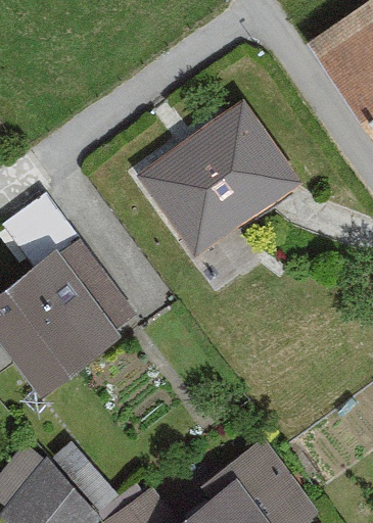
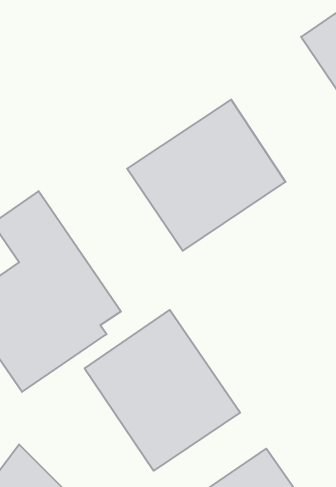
building: none -> [85,310,240,471]

